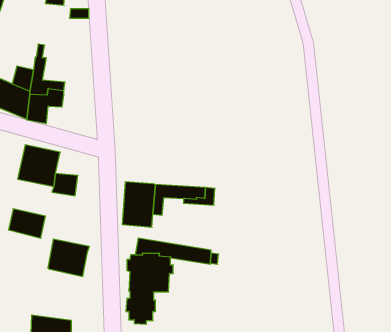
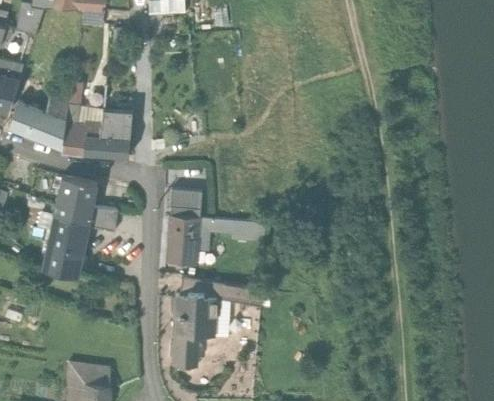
building: none -> [83,123,131,158]
building: none -> [168,191,201,219]
building: [48,239,89,276] -> [46,214,91,254]

